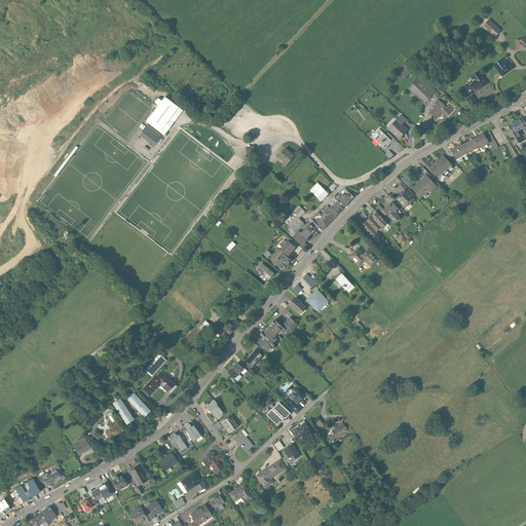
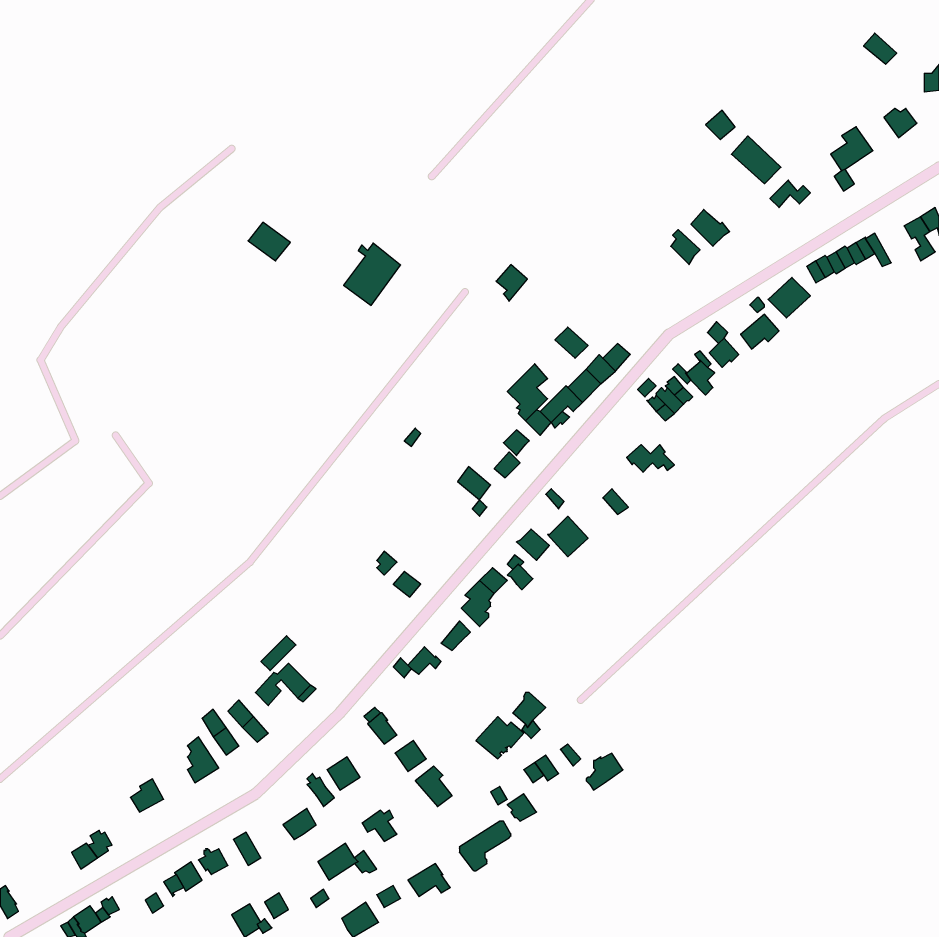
building: [148,98,180,133] -> [344,243,401,305]
building: [12,478,40,503] -> none

